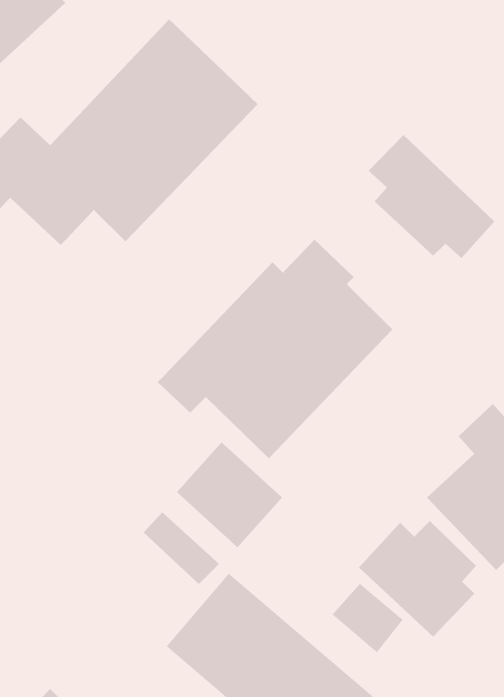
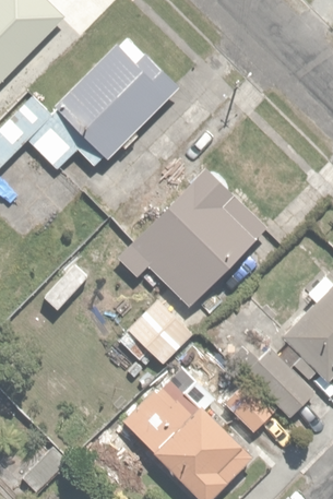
building: [368,134,495,259] -> none

